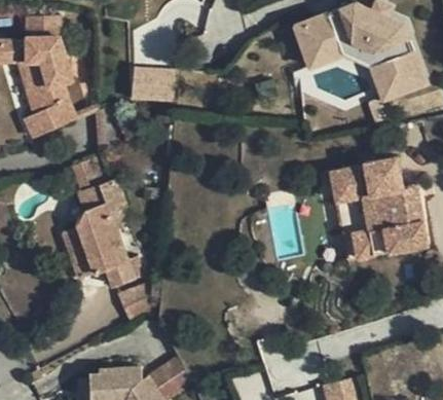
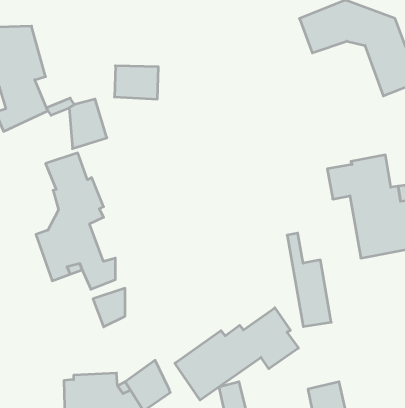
building: [297,26,394,102] -> none
building: [330,170,372,259] -> [287,233,331,327]
building: none -> [175,308,298,400]

